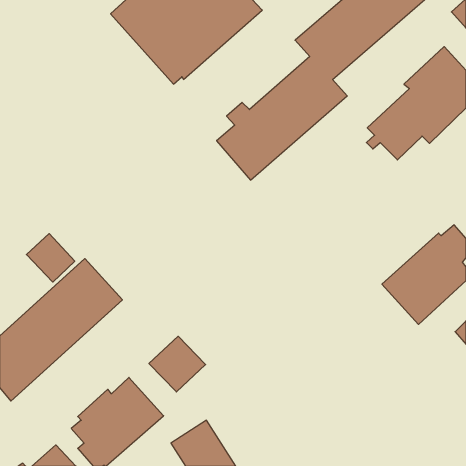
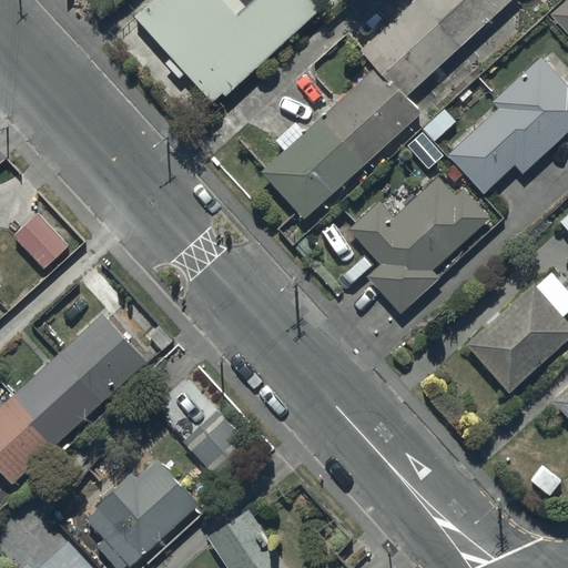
building: none -> [348,174,490,314]
building: [26,234,75,282] -> [13,211,72,270]

